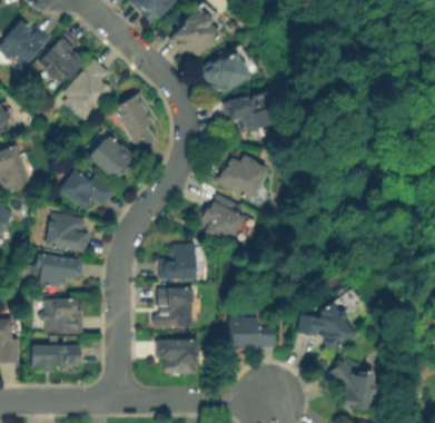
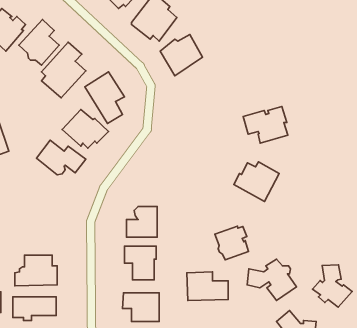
building: [220,90,270,131] -> [243,107,288,143]
building: [216,156,267,200] -> [234,162,279,201]
building: [195,194,244,240] -> none
building: [46,213,89,253] -> none
building: [36,253,85,287] -> none
building: none -> [215,226,249,260]
building: none -> [313,265,352,307]

